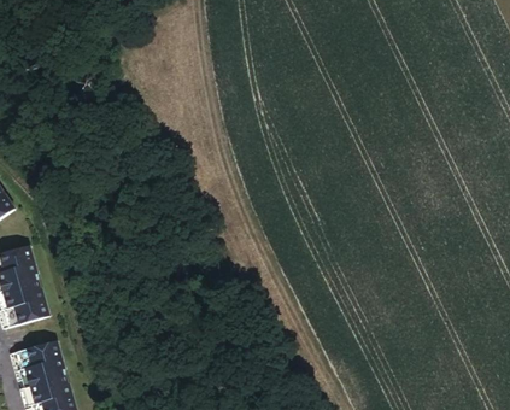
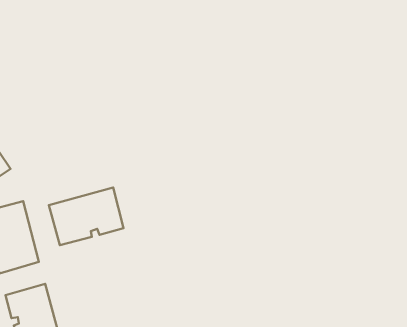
building: none -> [49,188,124,245]

